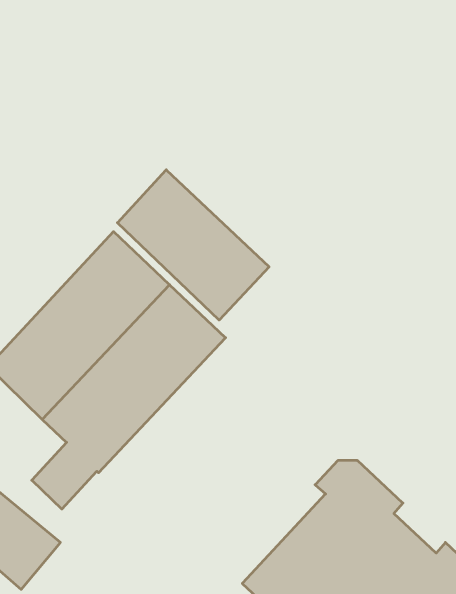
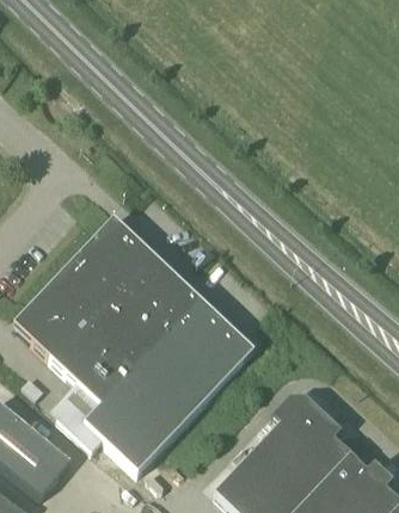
building: [117,170,269,320] -> none
building: none -> [73,298,254,471]

